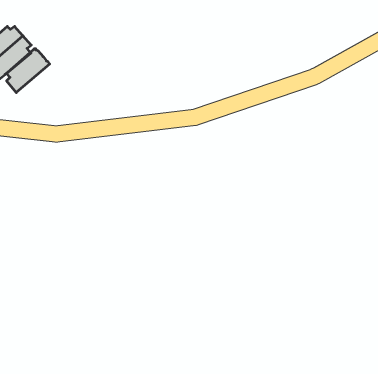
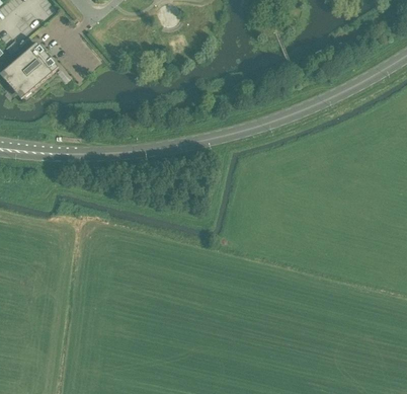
building: [7,49,50,93] -> none

